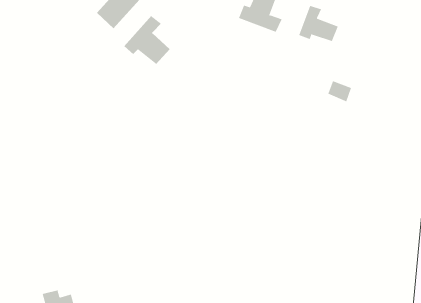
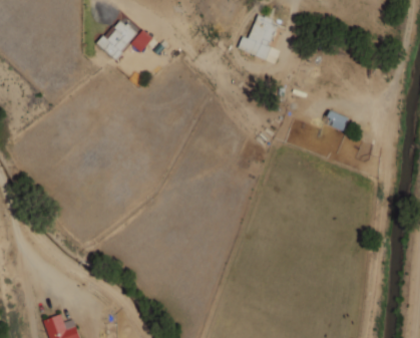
building: [298,5,338,42] -> none
building: [123,15,171,65] -> none

